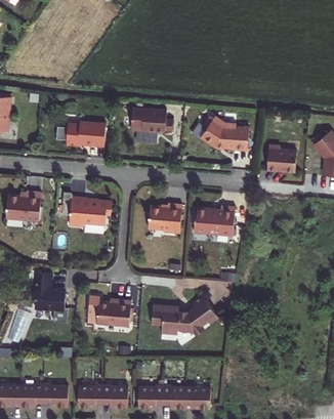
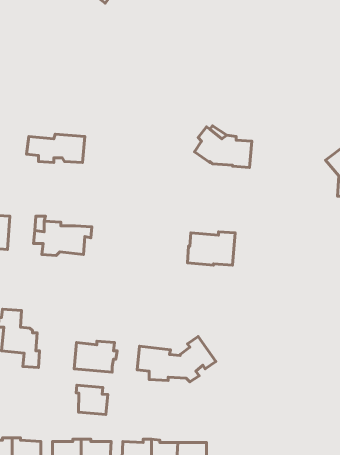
building: [130,108,172,133] -> none
building: [266,144,296,172] -> none
building: [148,204,181,233] -> none
building: none -> [76,385,108,415]

